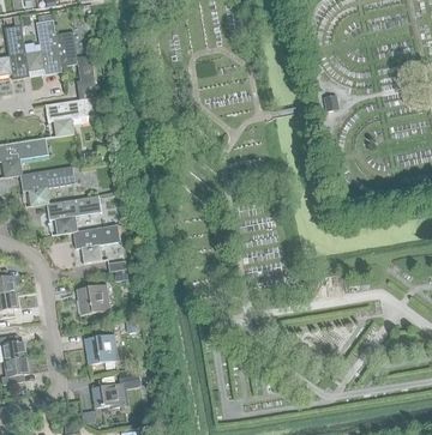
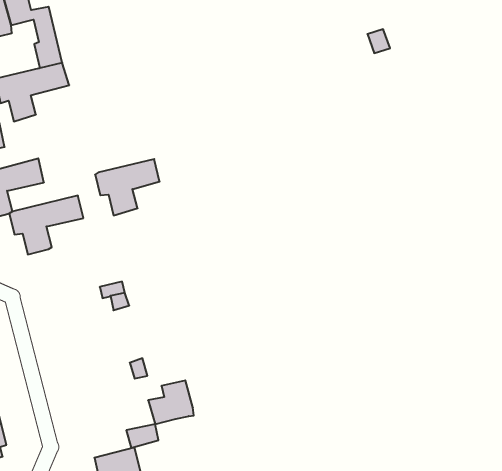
building: [72,224,119,262] -> [95,159,160,215]
building: [76,283,109,314] -> none
building: [84,333,116,363] -> [148,380,194,424]

